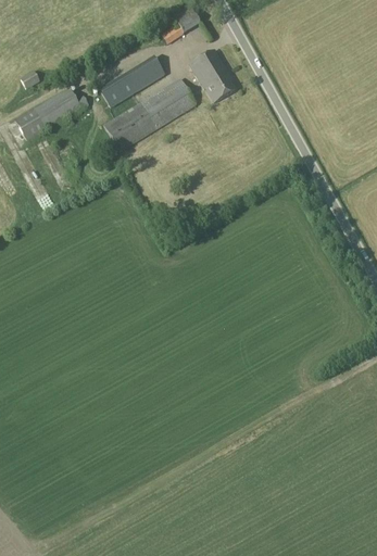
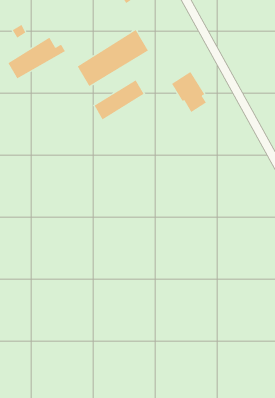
building: [190,49,236,102] -> [171,71,207,113]
building: [100,56,165,109] -> [94,79,145,120]

